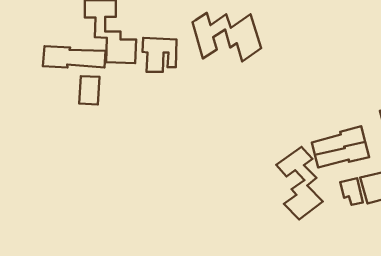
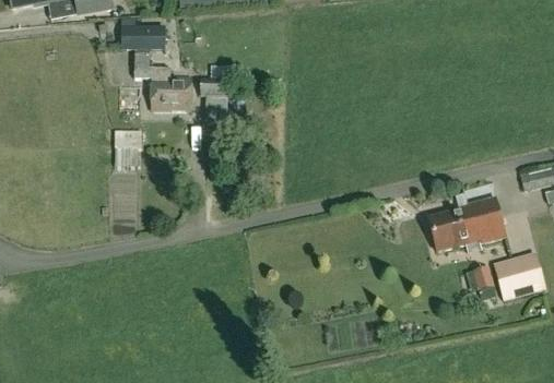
building: [192,13,261,61] -> none
building: [43,46,106,68] -> none
building: [276,147,323,219] -> none

